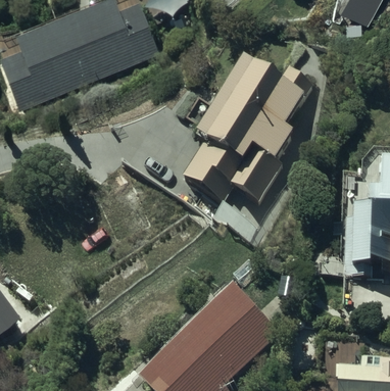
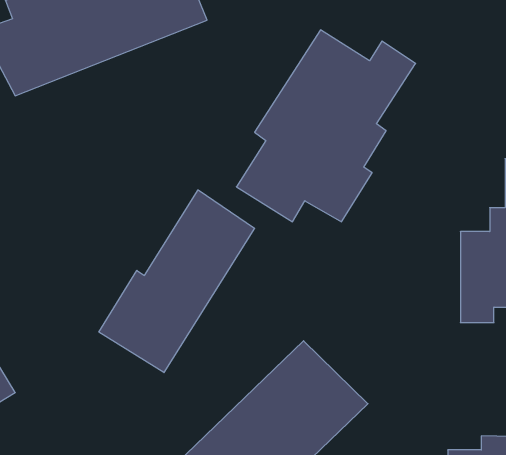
building: none -> [99,190,255,373]

